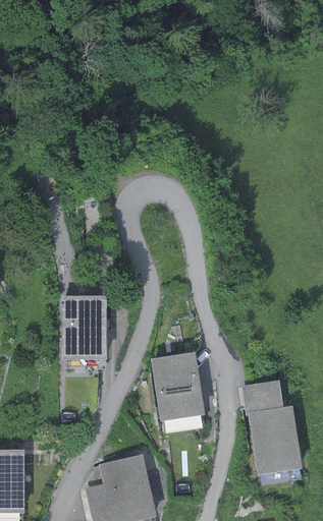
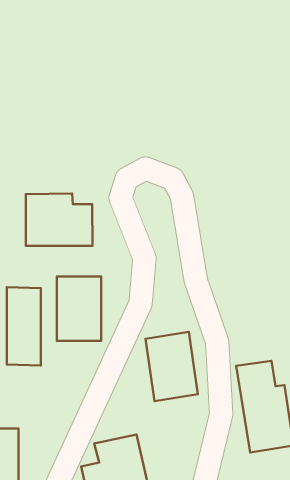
building: none -> [26,193,93,246]
building: none -> [7,287,41,366]

